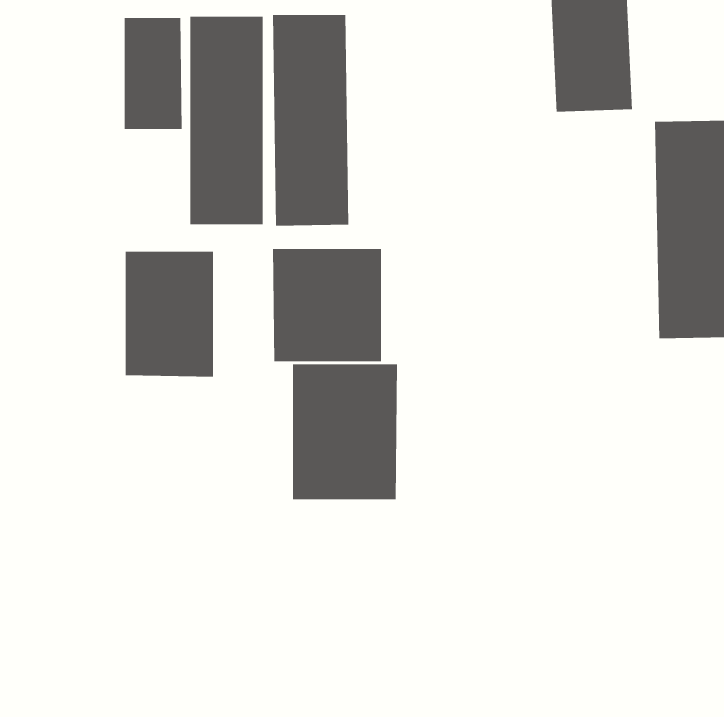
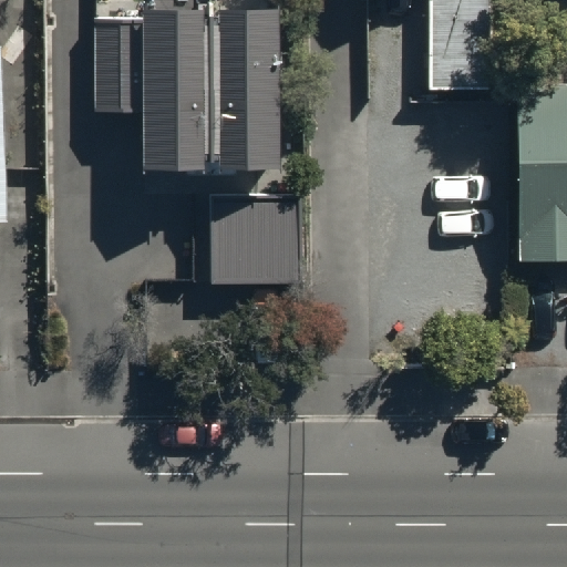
building: [125,251,214,377] -> none
building: [292,363,398,500] -> none

